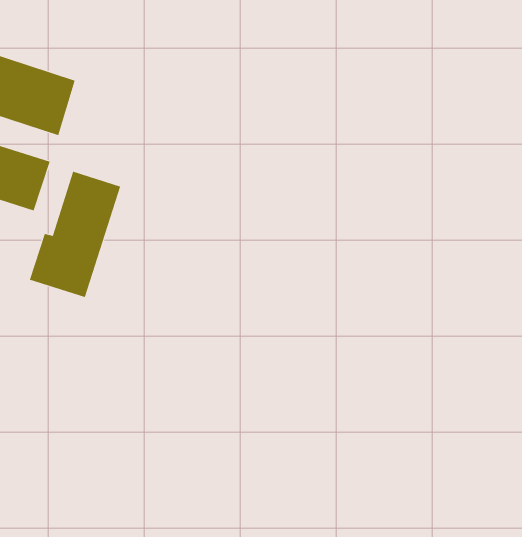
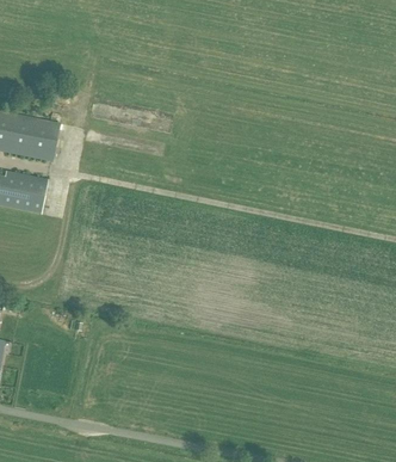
building: [29,171,121,298] -> none

